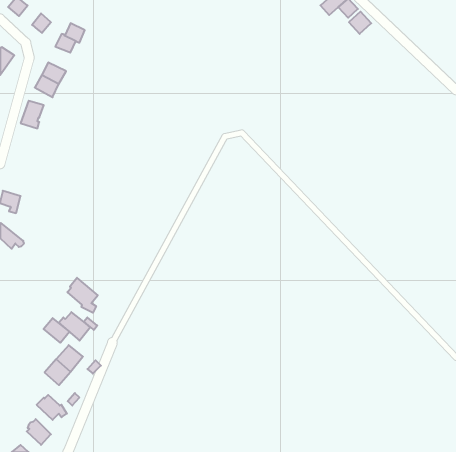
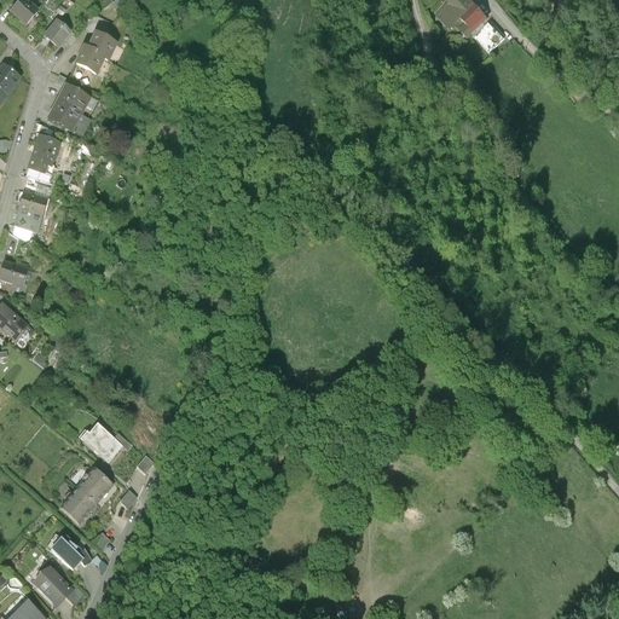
building: none -> [13,190,47,230]
building: [67,278,98,313] -> none
building: [44,318,69,343] -> none

